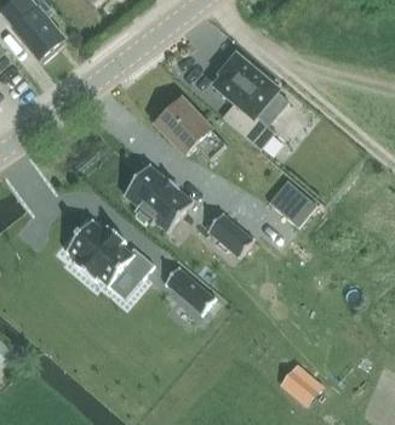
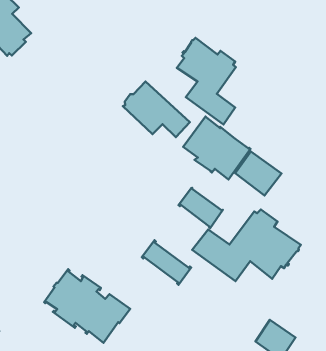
building: [124,164,194,232] -> [183,116,251,179]
building: [65,219,155,299] -> [44,269,130,343]
building: none -> [192,209,301,281]

